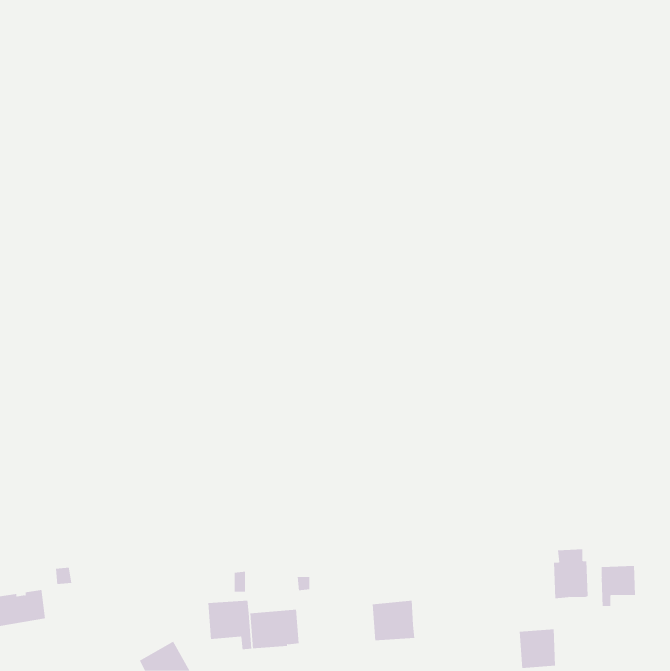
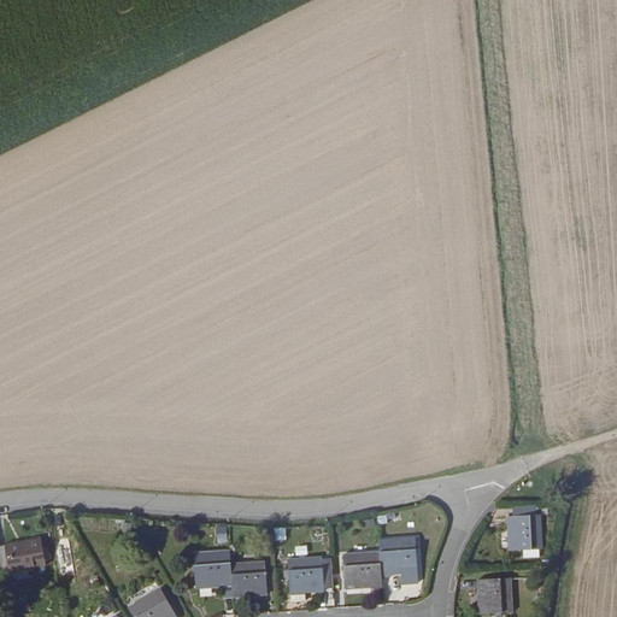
building: [601,565,636,607] -> none
building: none -> [377,537,417,582]
building: none -> [287,556,331,599]

